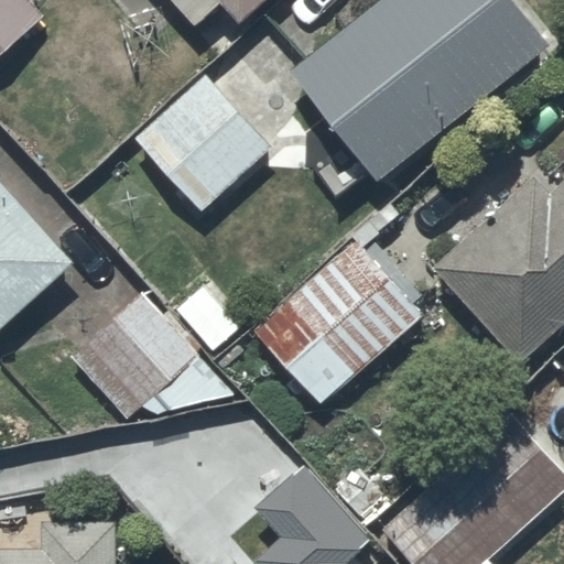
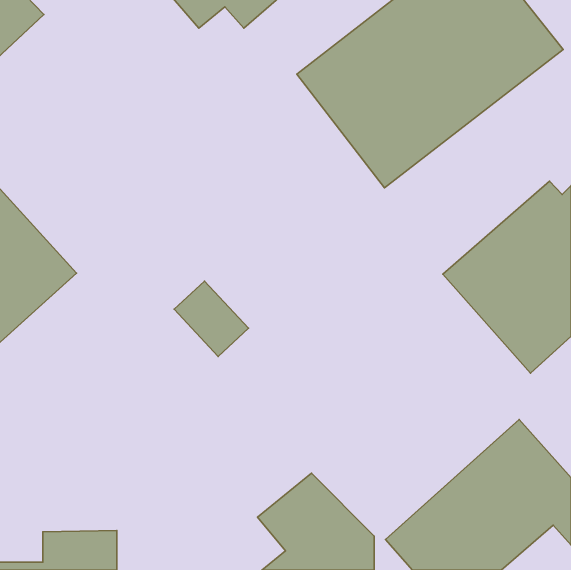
building: [132,73,273,214] -> none
building: [251,237,425,408] -> none
building: [69,286,204,419] -> none

